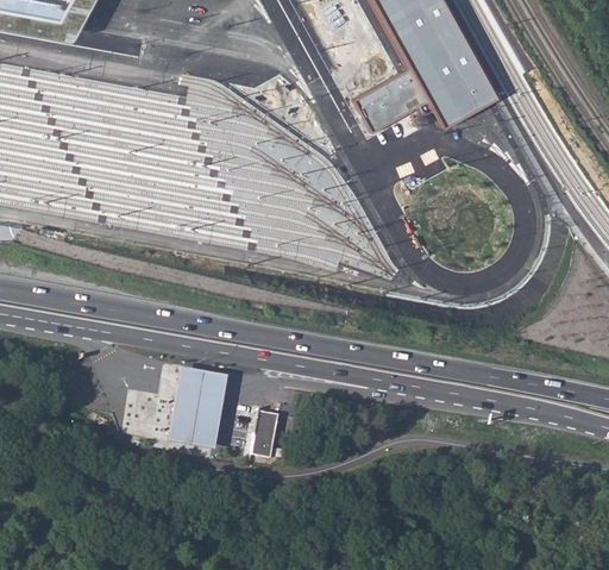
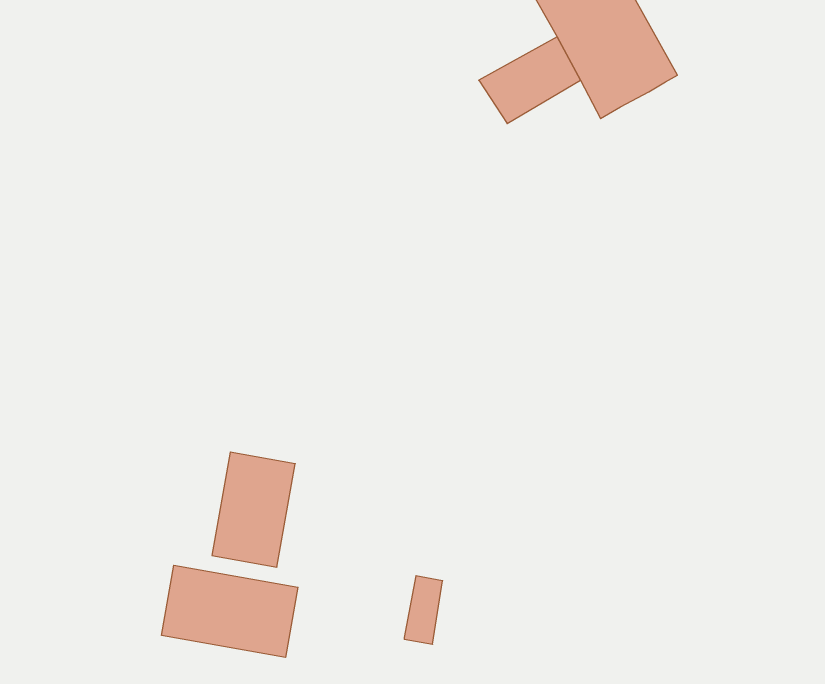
building: [252,407,280,456] -> [404,576,443,644]
building: none -> [162,565,298,657]

